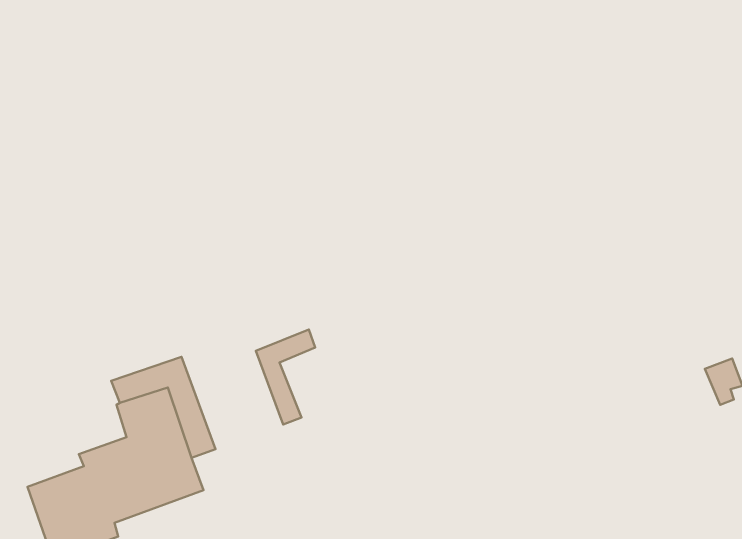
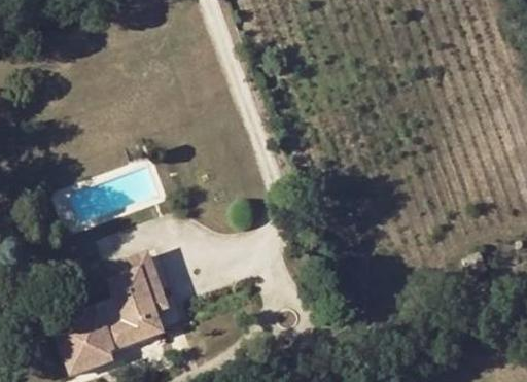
building: [256,330,315,425] -> none

